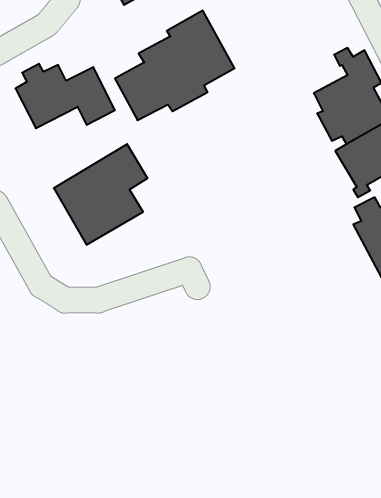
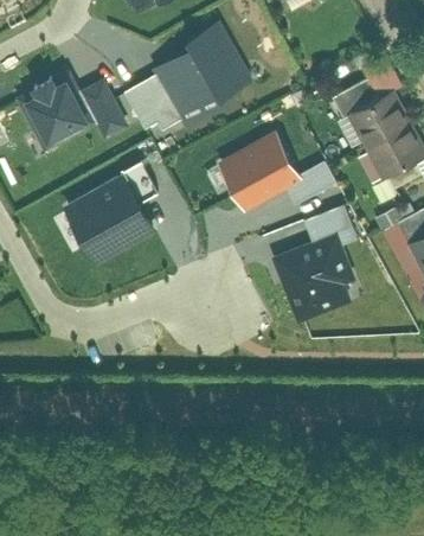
building: none -> [218,129,336,210]
building: none -> [274,204,359,321]

